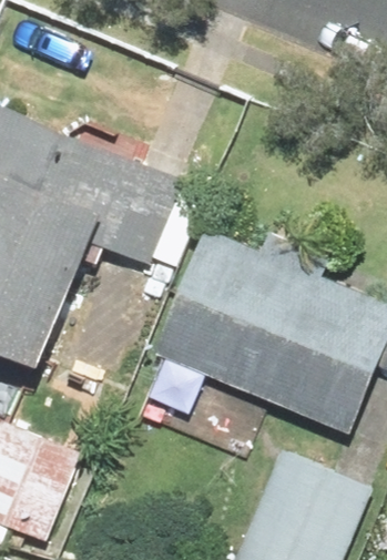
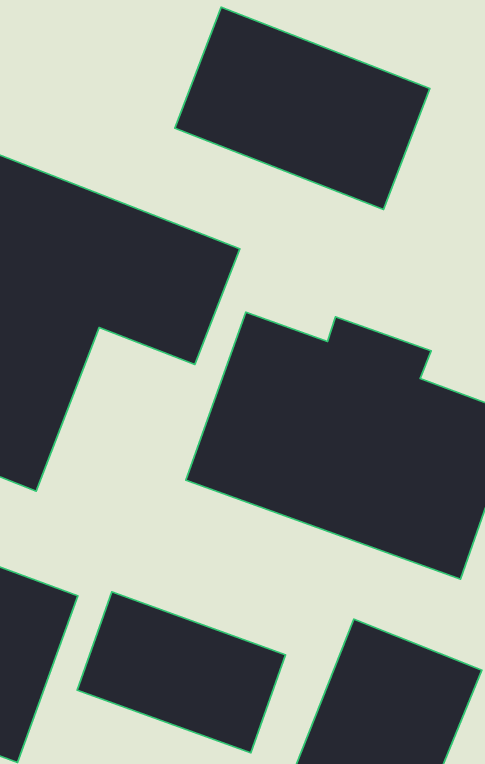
building: none -> [175,7,430,210]
building: none -> [77,592,285,753]

